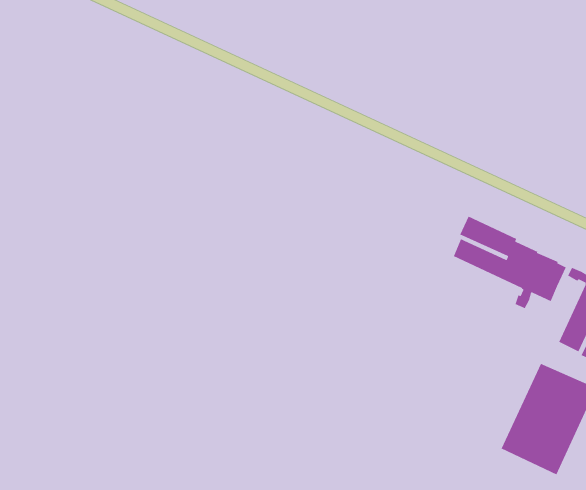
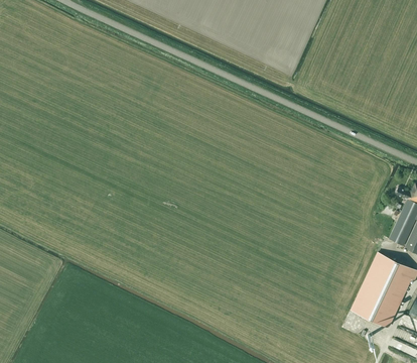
building: [453,216,567,309] -> none

